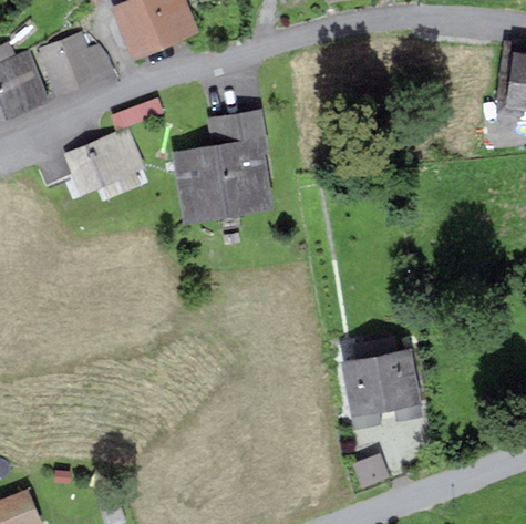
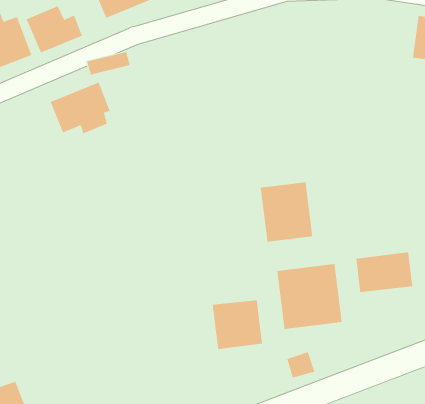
building: [171,110,270,218] -> none
building: none -> [260,182,313,242]
building: none -> [356,252,413,293]
building: none -> [212,300,263,350]

